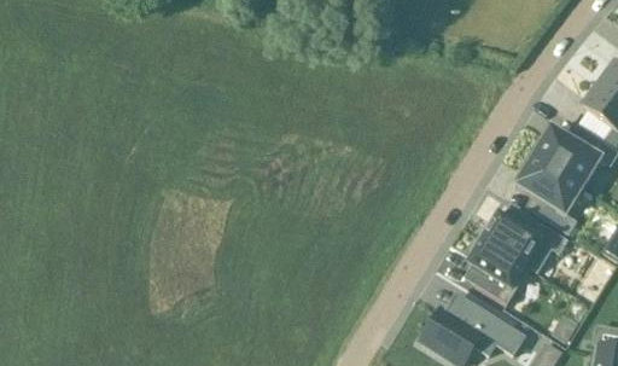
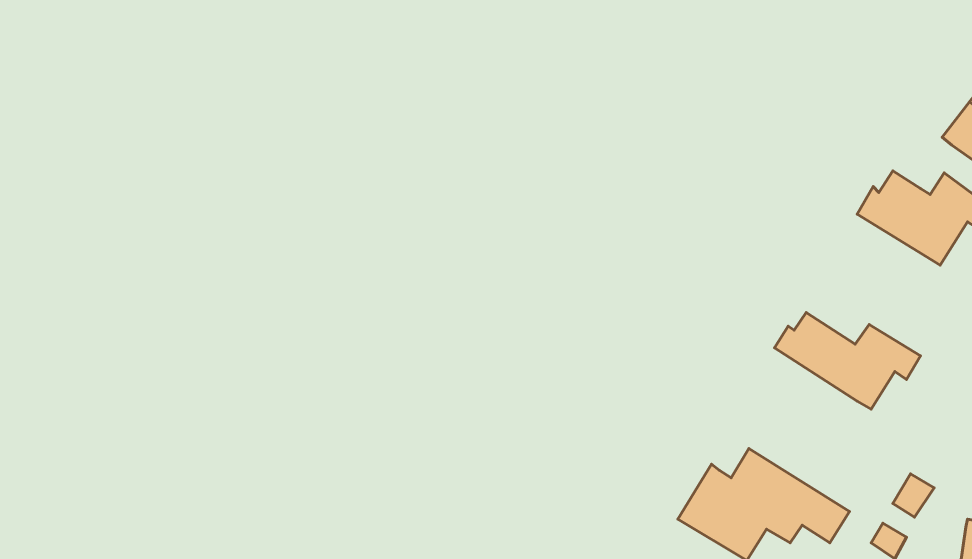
building: [517,152,582,233] -> none
building: [468,234,531,303] -> none

